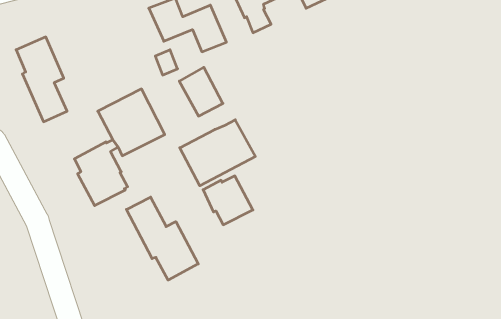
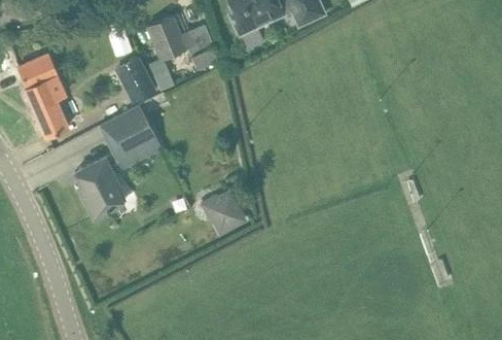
building: [179,67,223,116] -> [114,56,156,103]
building: [180,120,255,186] -> none
building: [126,197,198,280] -> none

